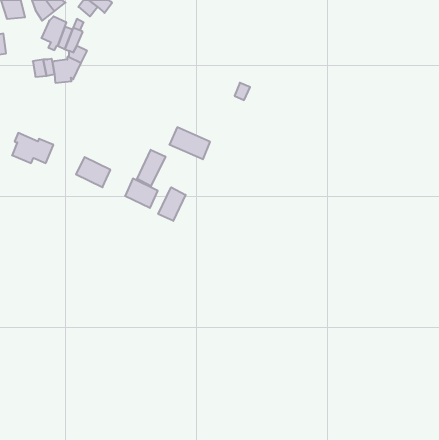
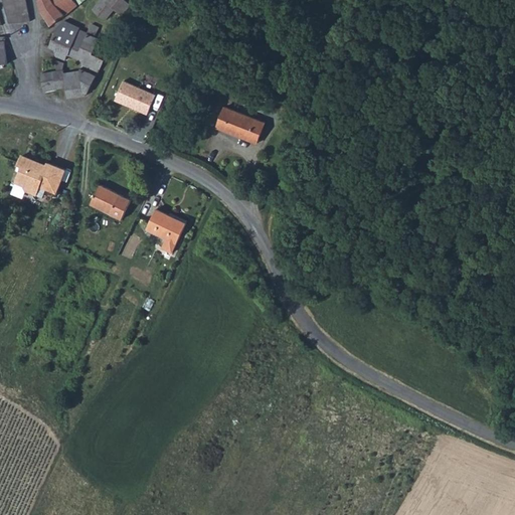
building: none -> [114,80,154,115]
building: [169,127,210,159] -> [217,108,265,145]
building: [137,150,165,186] -> none
building: [158,187,186,221] -> none

